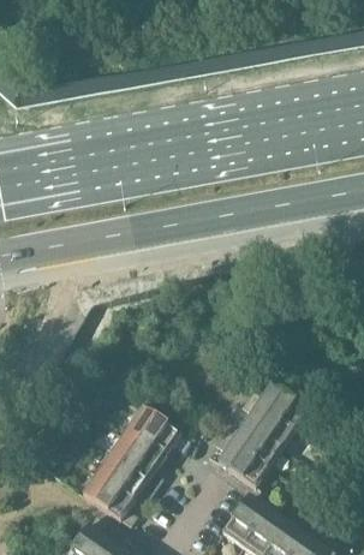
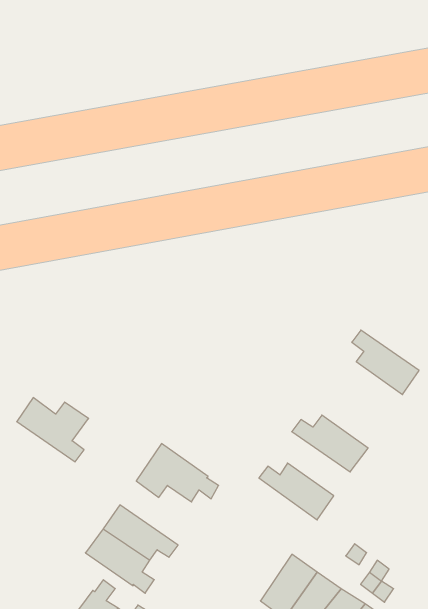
building: [239,398,293,449] -> [352,330,419,395]
building: [214,435,267,489] -> none
building: [108,437,166,489] -> [17,398,89,462]

